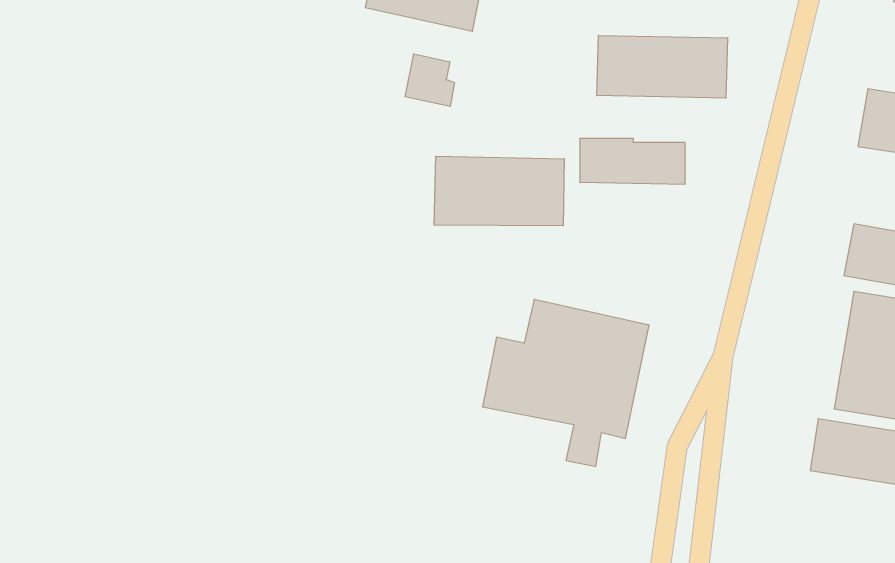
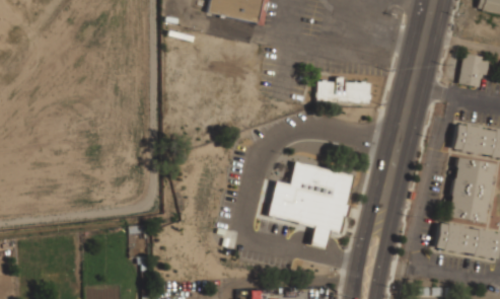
building: [597,35,728,98] -> none
building: [405,54,455,106] -> none
building: [434,156,564,226] -> none

